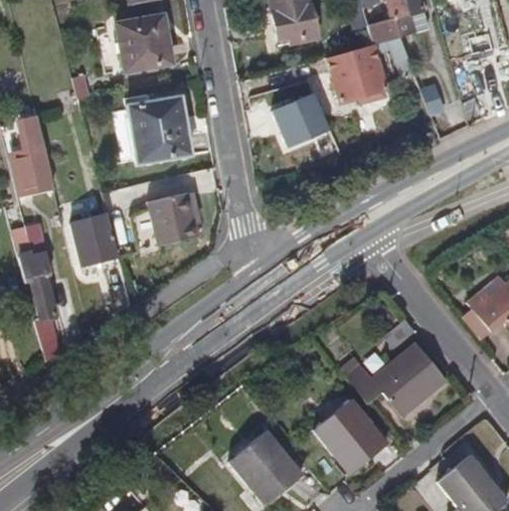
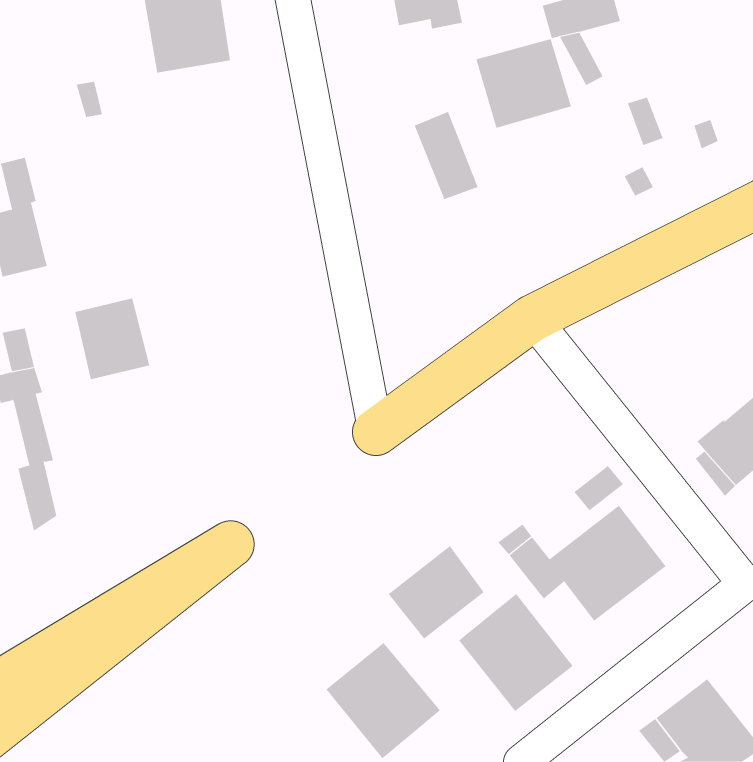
building: [125,95,188,161] -> none
building: [149,192,197,243] -> none
building: none -> [388,545,485,639]

